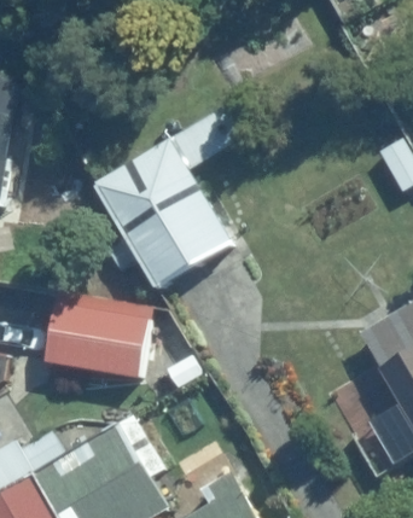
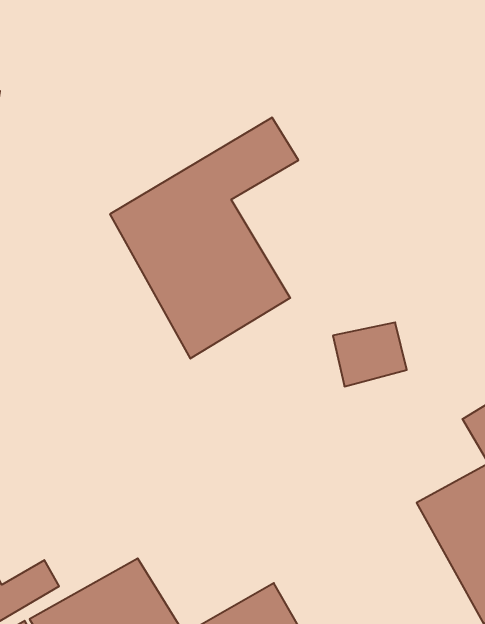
building: [45,303,150,377] -> none

